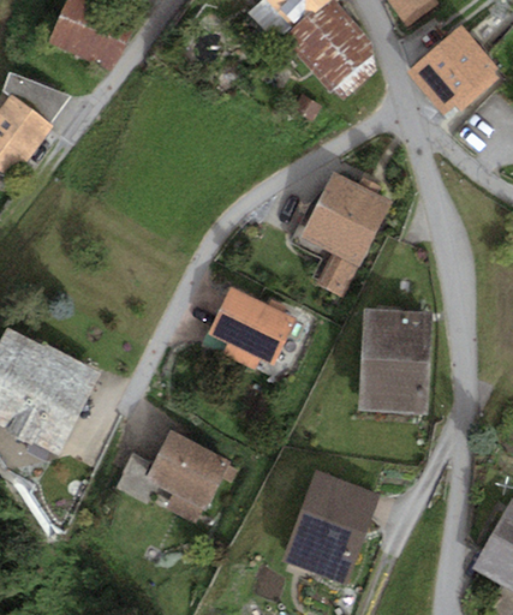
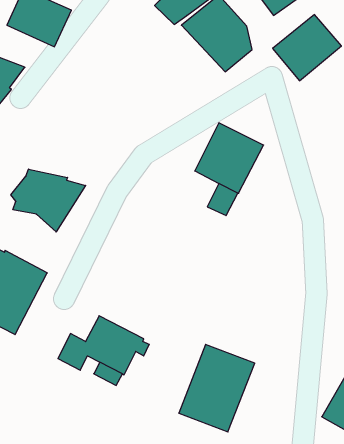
building: none -> [11,169,86,232]
building: [209,286,297,369] -> none
building: [359,306,433,414] -> none

